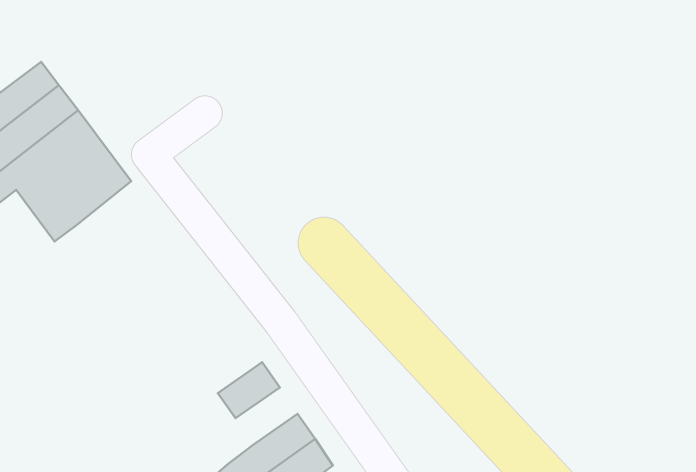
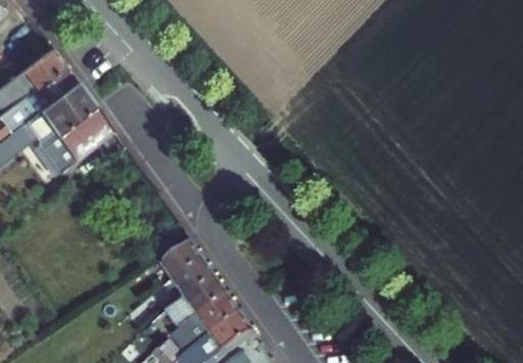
building: none -> [158,238,202,278]
building: none -> [167,274,227,327]

